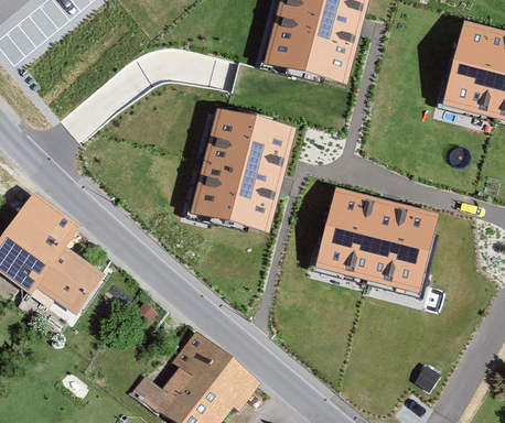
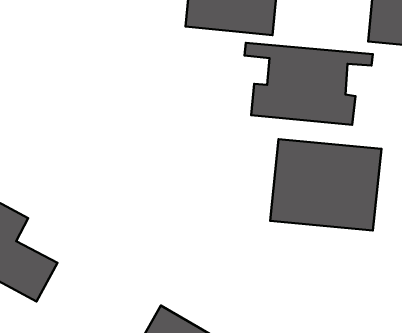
building: none -> [245,43,373,125]
building: [187,107,297,235] -> none

